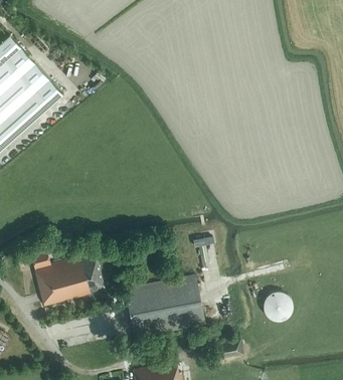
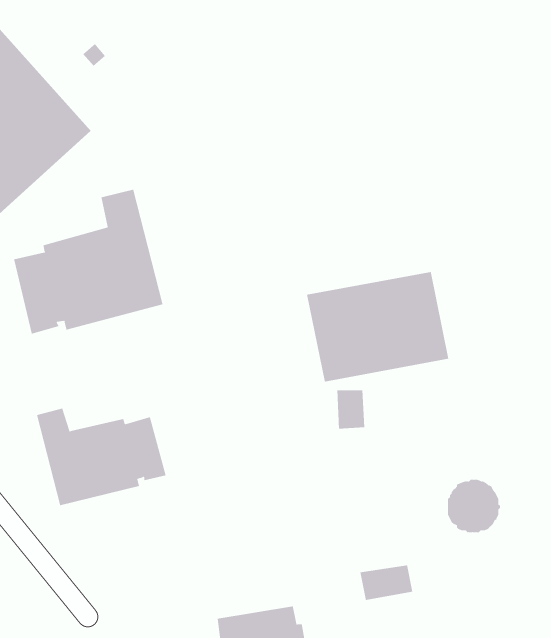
building: none -> [14,189,163,334]
building: [125,275,205,338] -> [306,271,449,382]

